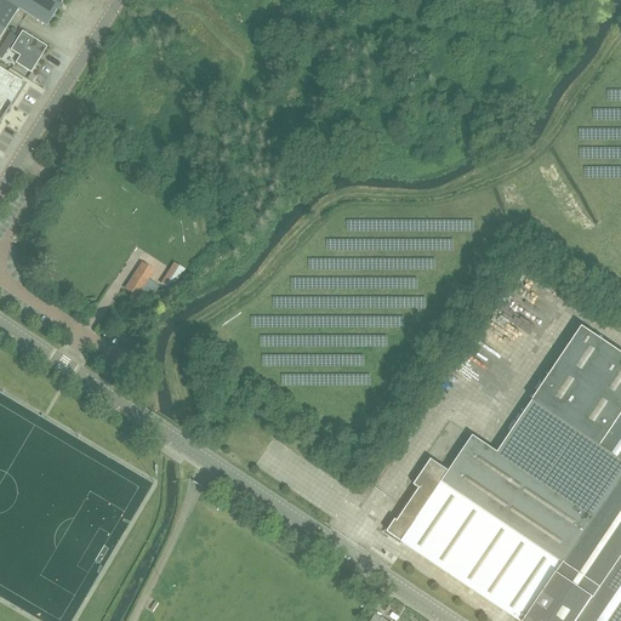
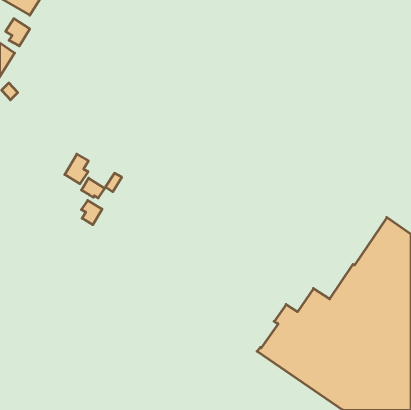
building: none -> [65,154,88,184]
building: none -> [81,200,102,225]

